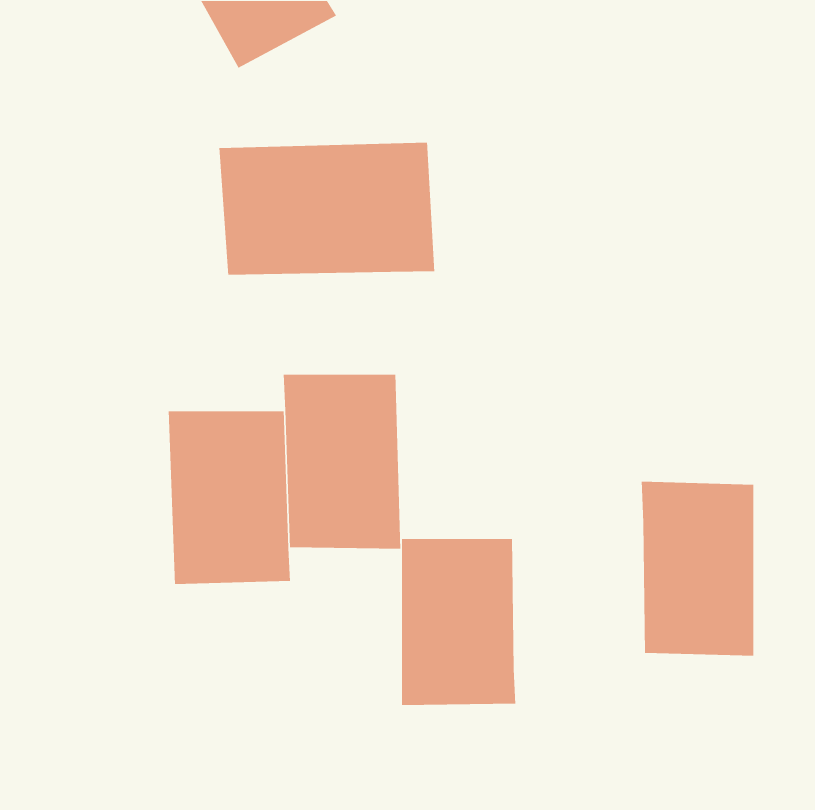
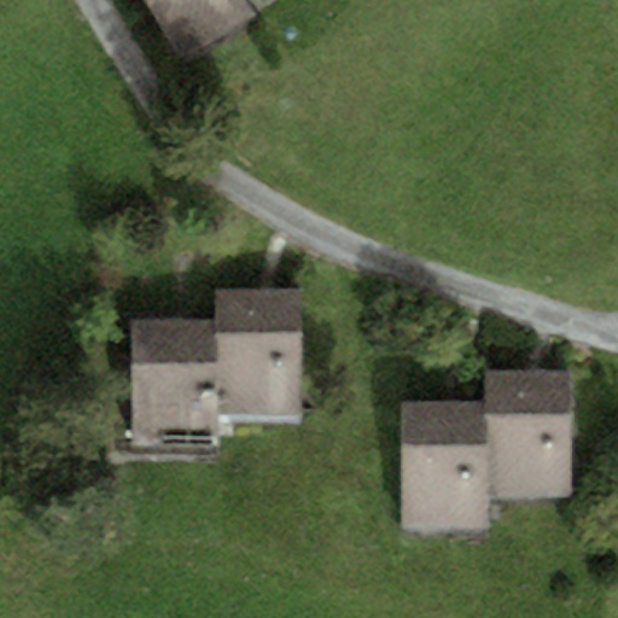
building: [218,142,435,276] -> none
building: [401,538,516,706] -> [402,400,489,526]

